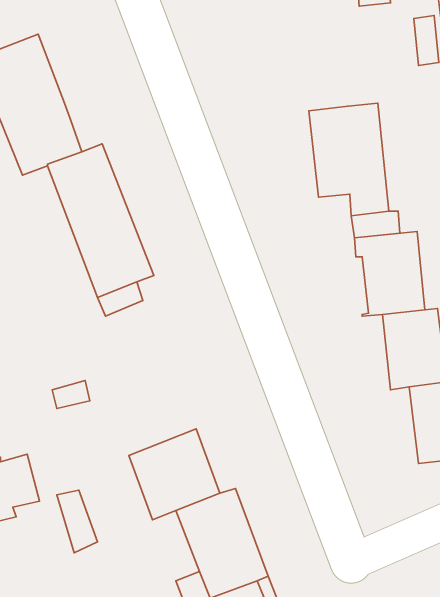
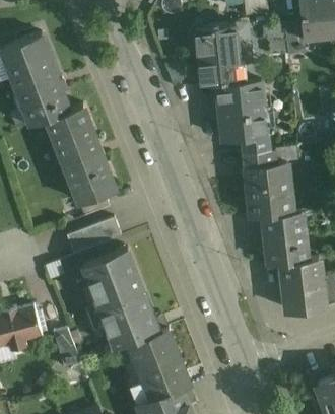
building: none -> [195,23,242,84]
building: none -> [66,218,121,255]
building: none -> [83,248,143,306]

